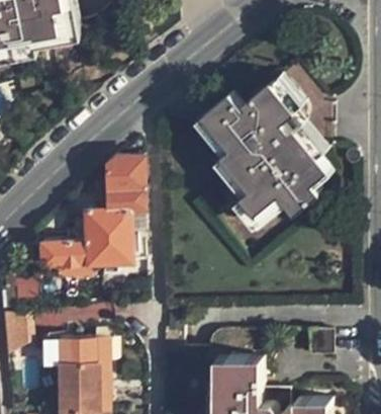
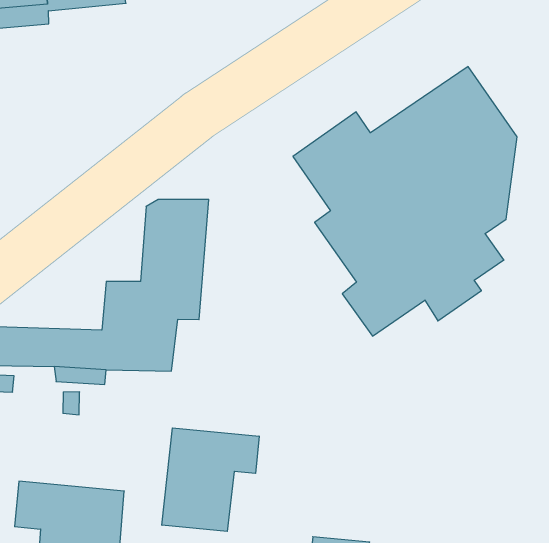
building: none -> [162,428,259,531]

